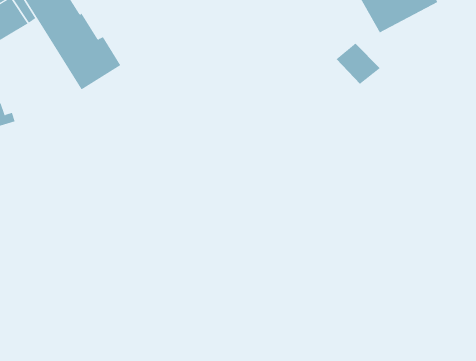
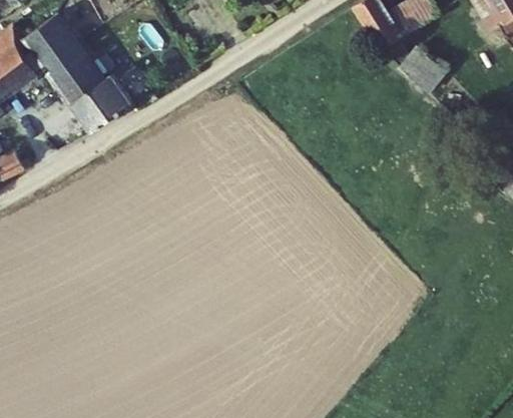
building: [336,43,380,85] -> [403,47,448,88]

